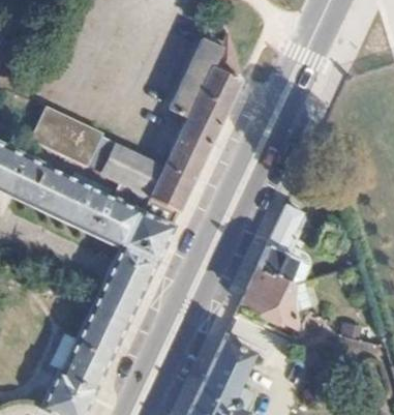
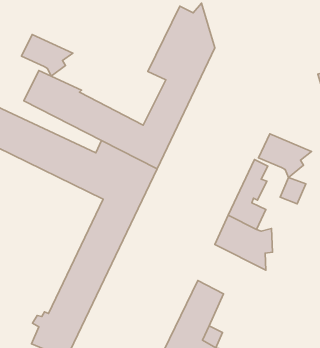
building: none -> [21,35,73,76]
building: none -> [258,134,311,177]

